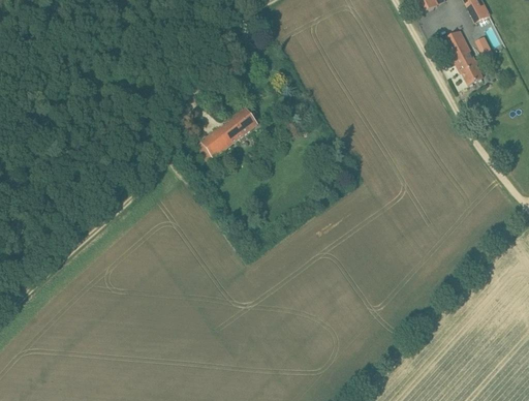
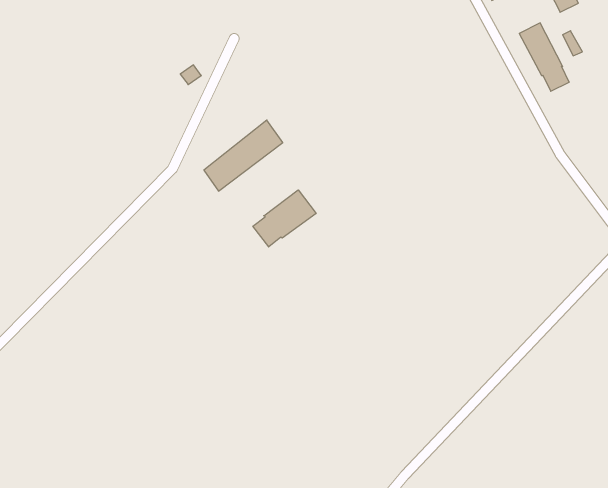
building: none -> [253,190,316,247]

